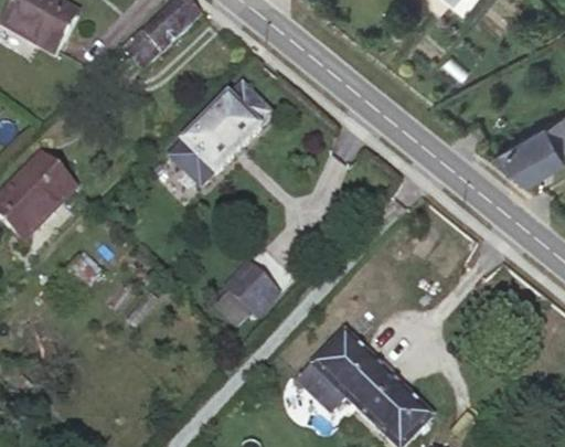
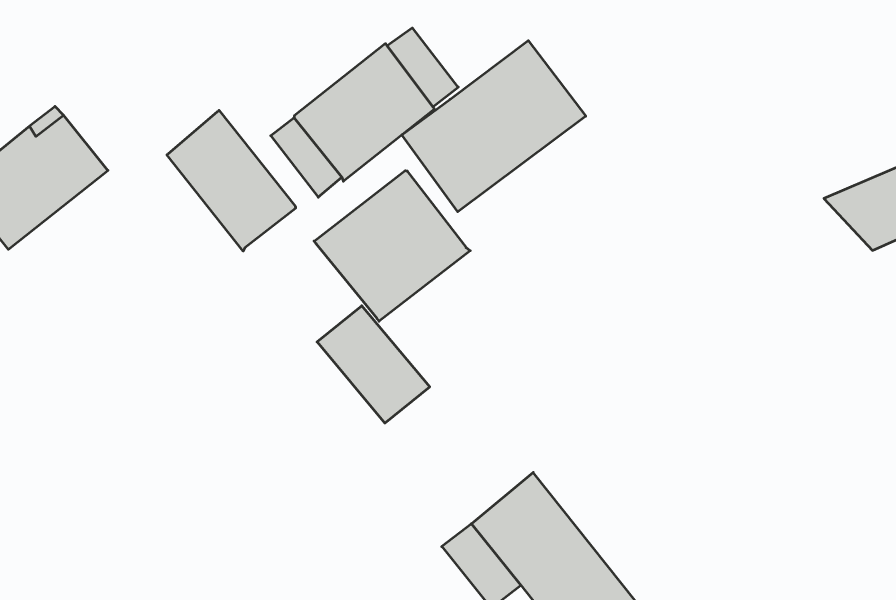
building: none -> [402,41,586,212]
building: none -> [167,110,295,251]
building: none -> [314,171,470,321]

